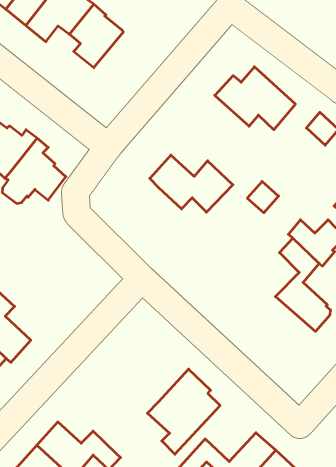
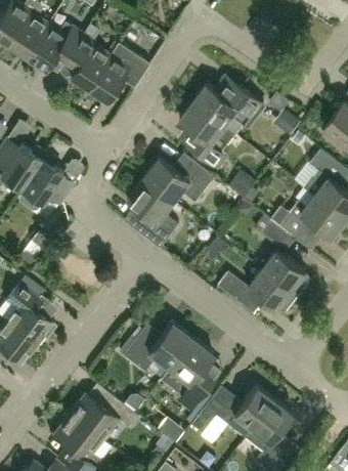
building: none -> [88,43,149,100]
building: none -> [178,102,235,169]
building: none -> [128,178,179,248]
building: none -> [218,269,298,311]
building: none -> [123,323,192,372]

